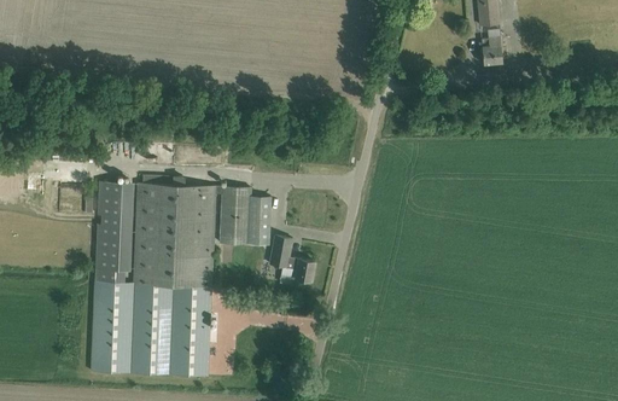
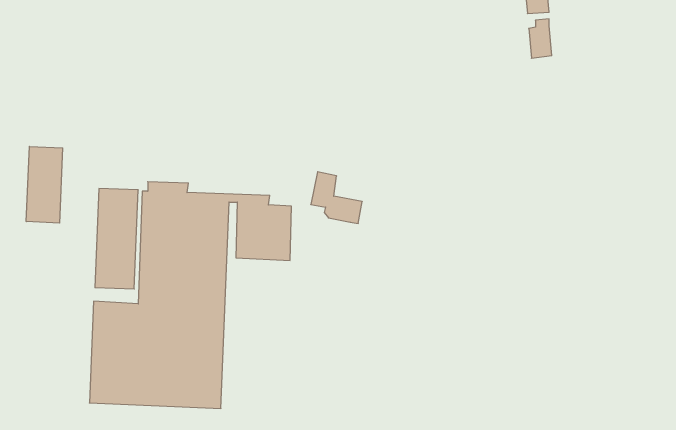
building: none -> [26,146,63,223]
building: [268,236,314,281] -> [311,172,362,223]

